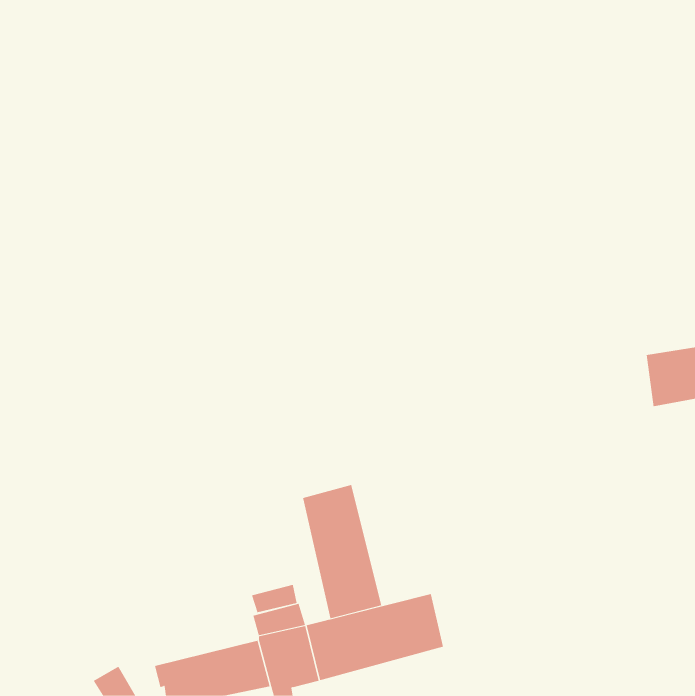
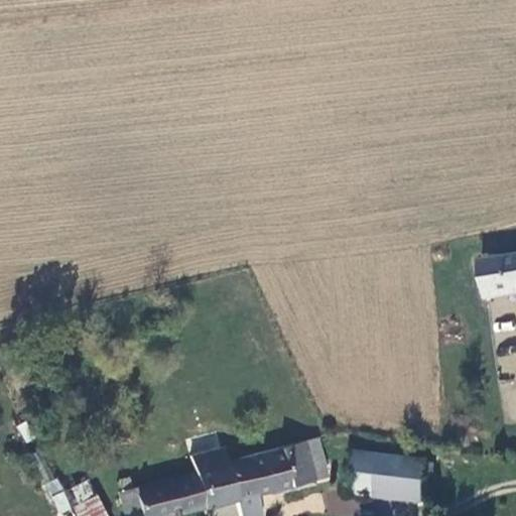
building: [302,484,382,619] -> none
building: none -> [352,457,430,504]

